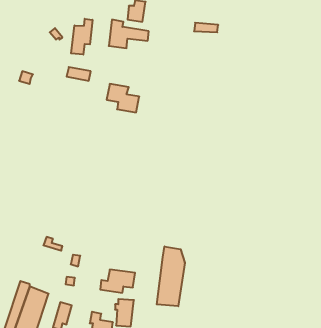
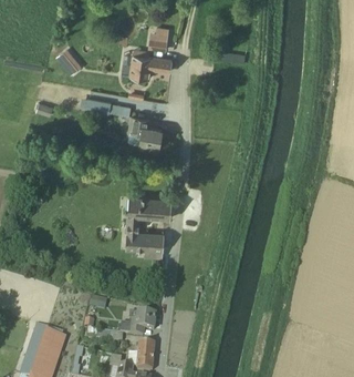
building: [71,19,92,55] -> none
building: none -> [124,194,171,248]
building: [157,246,185,306] -> none

